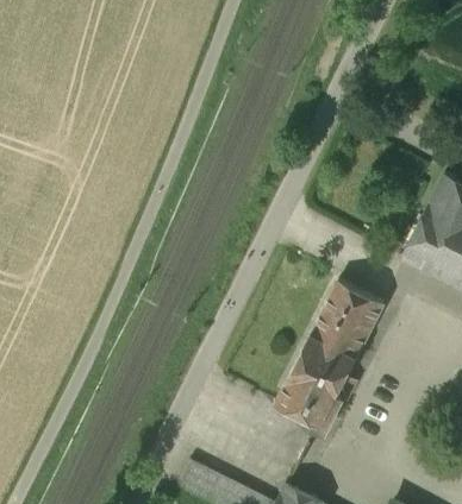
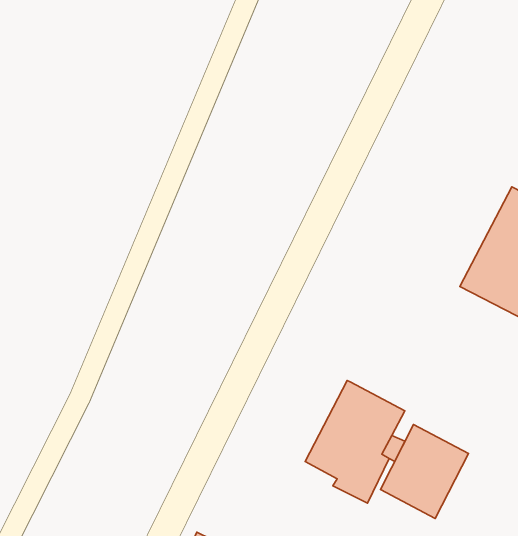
building: [313,282,386,359] -> [380,425,468,519]

